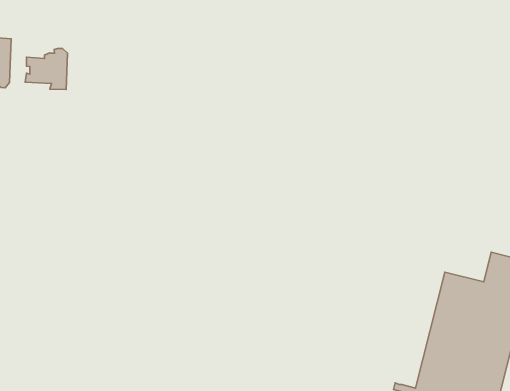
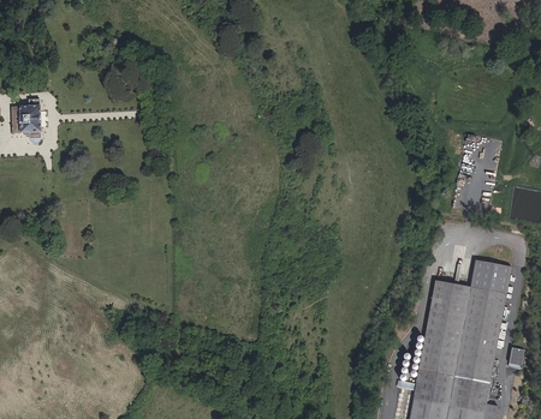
building: [25,49,68,89] -> none

